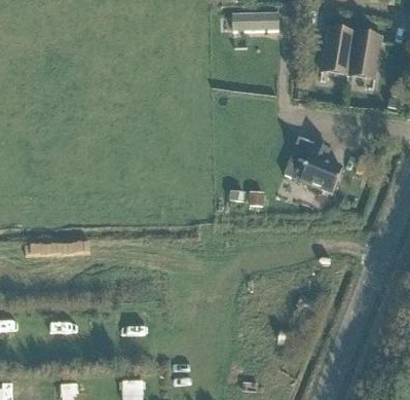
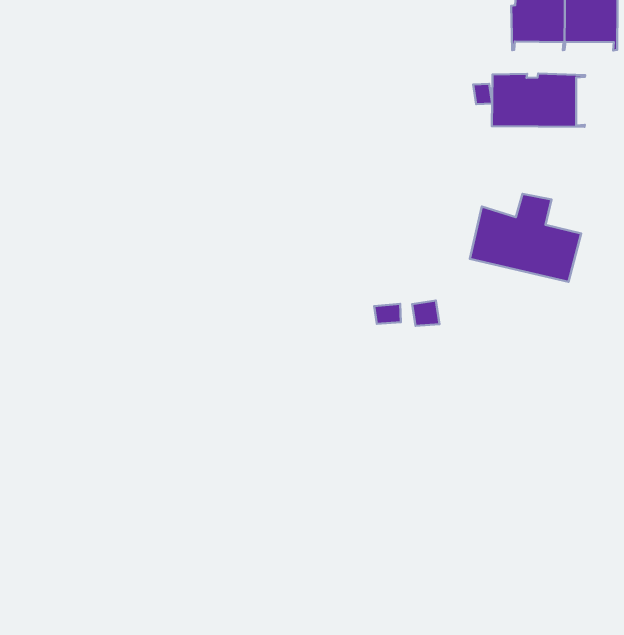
building: none -> [492,74,585,127]

